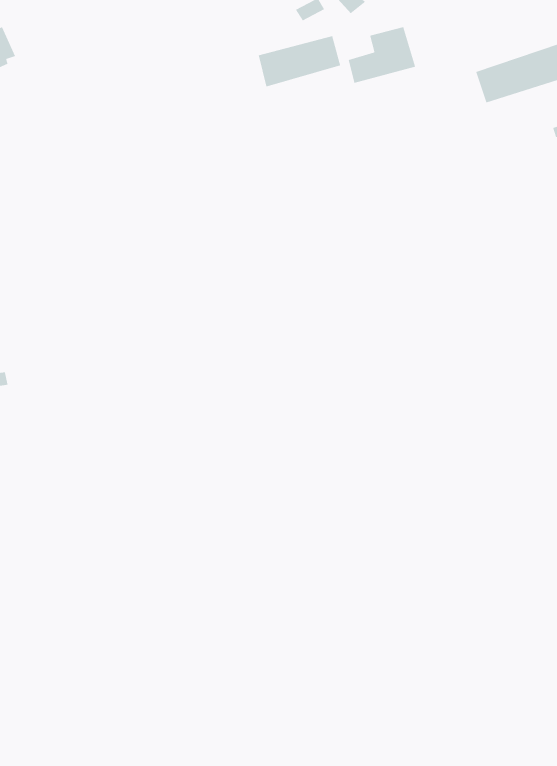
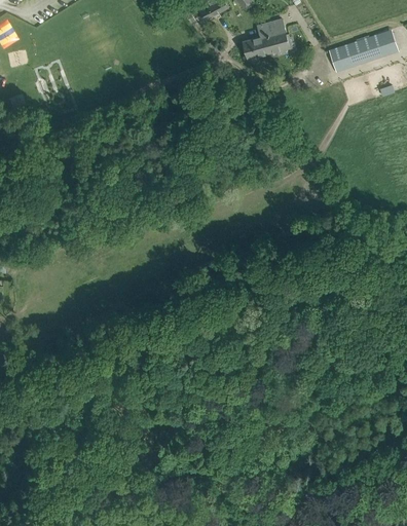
building: [258,35,341,87] -> none

